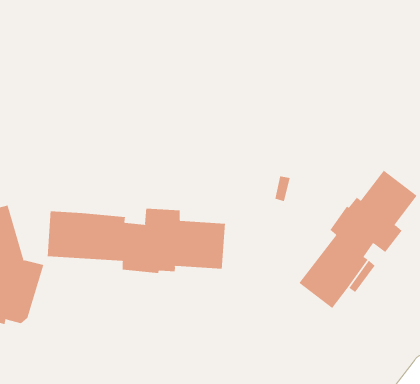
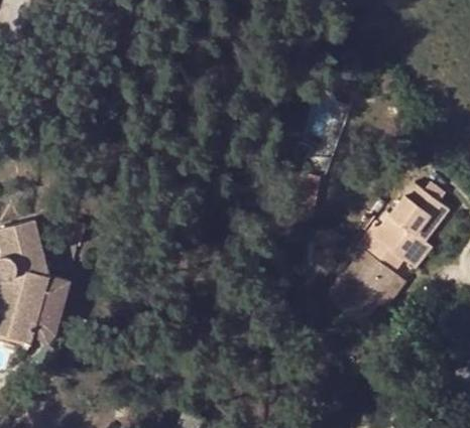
building: [47,208,225,274] -> none

